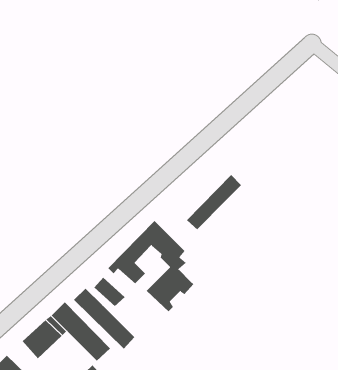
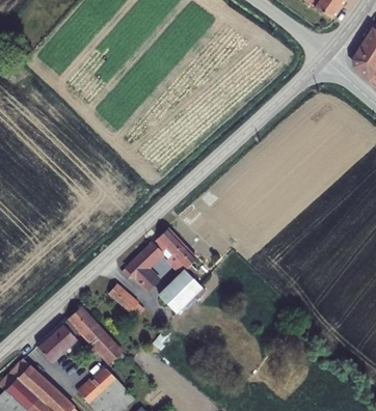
building: [186,174,242,230] -> none
building: [73,288,135,349] -> none

